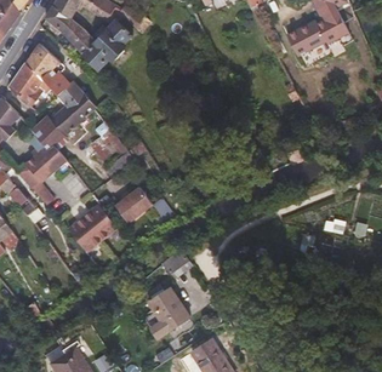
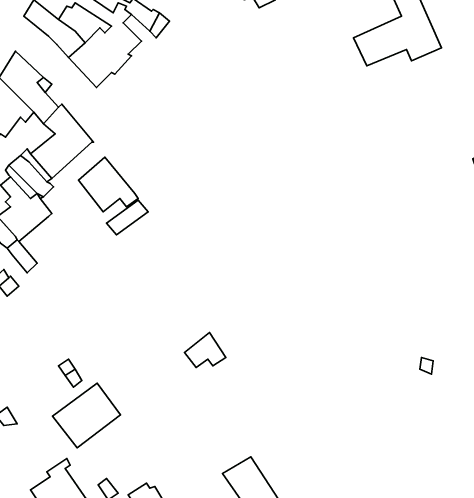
building: [115,189,153,224] -> none
building: [65,205,115,252] -> [52,383,120,448]
building: [147,287,188,332] -> none

